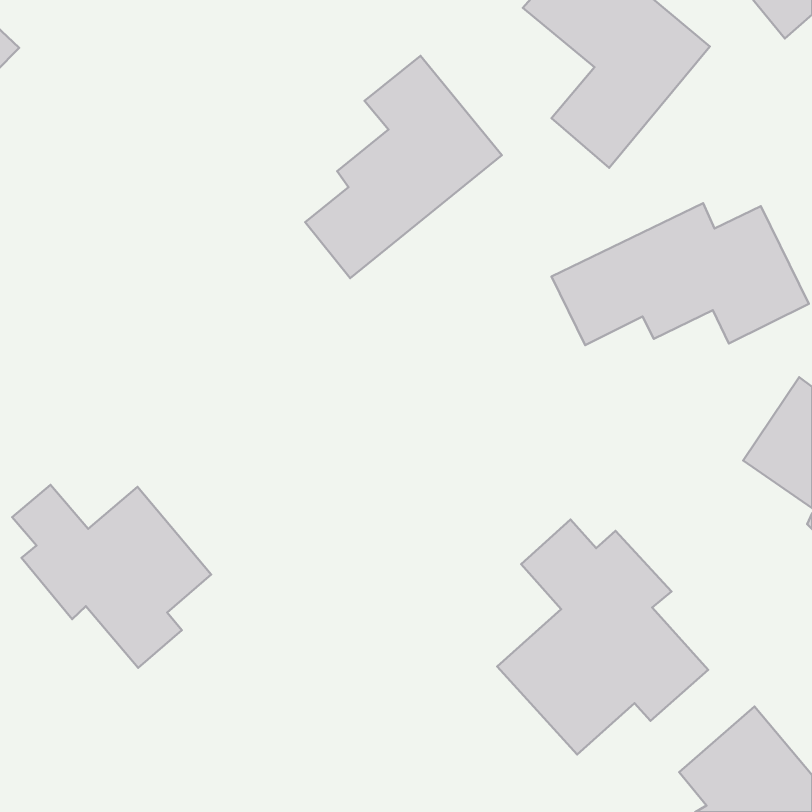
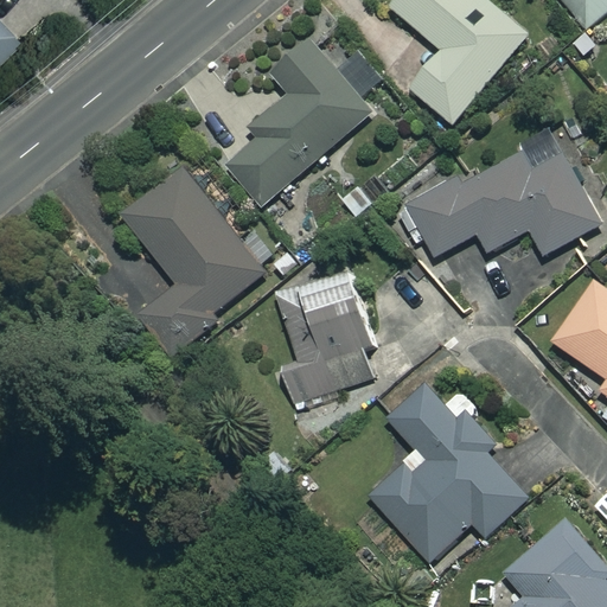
building: none -> [122,167,267,352]
building: none -> [276,269,379,409]
building: [12,485,211,668] -> none

